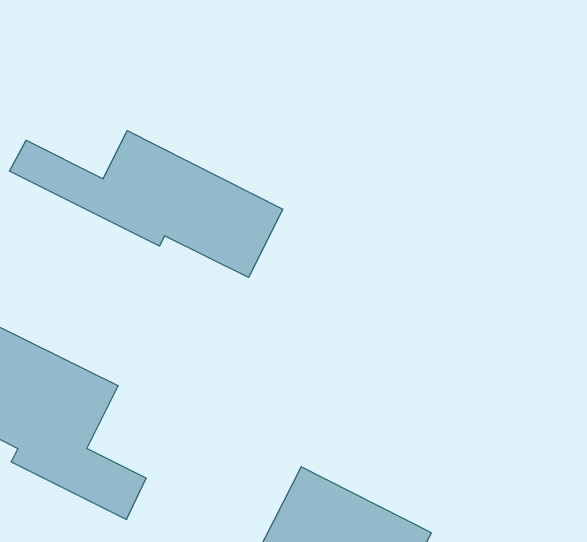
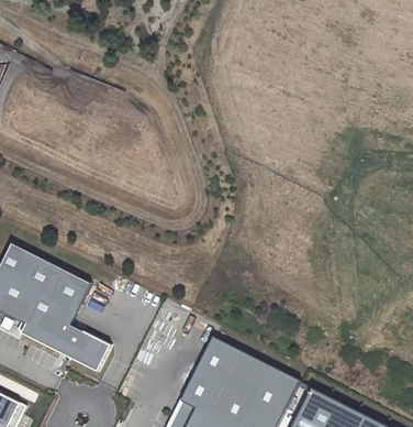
building: [10,131,283,277] -> none

